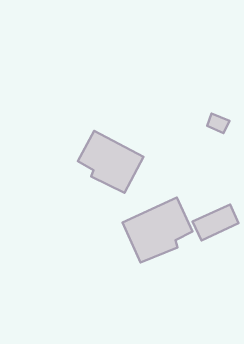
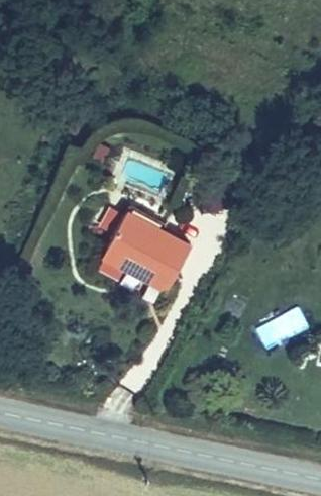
building: [123,198,193,263] -> none

